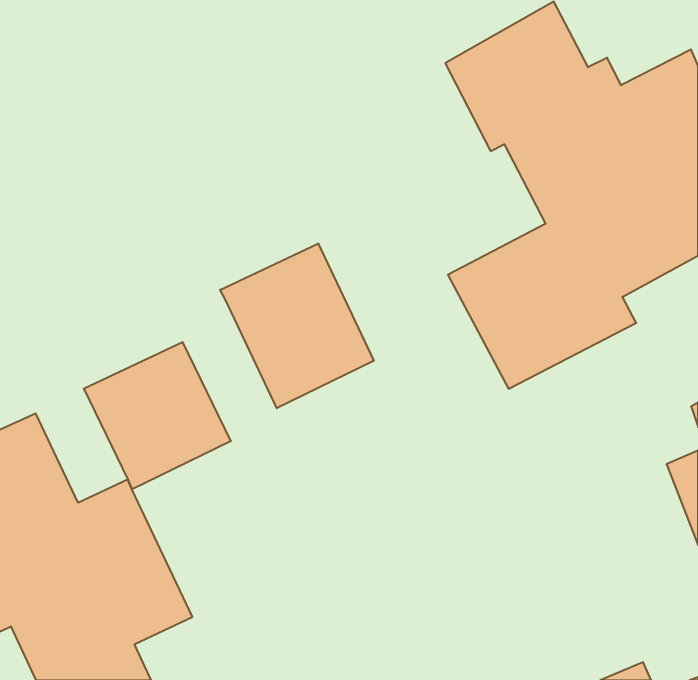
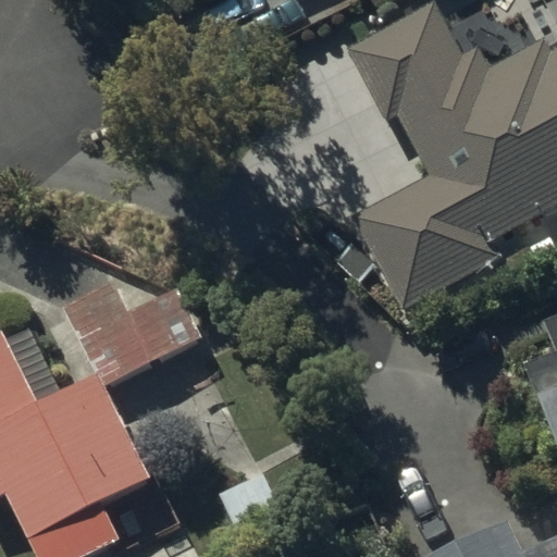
building: [220,243,374,408] -> none

